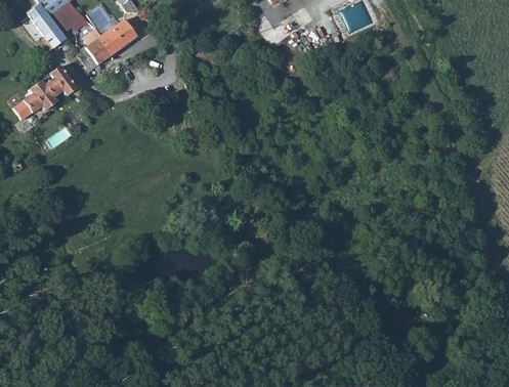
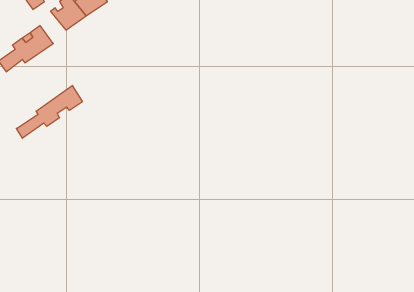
building: none -> [16,85,82,138]

